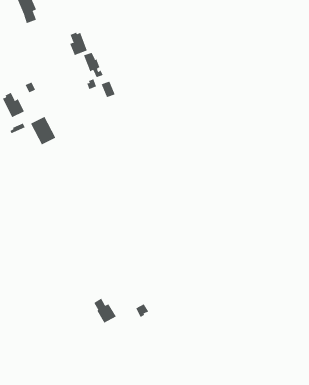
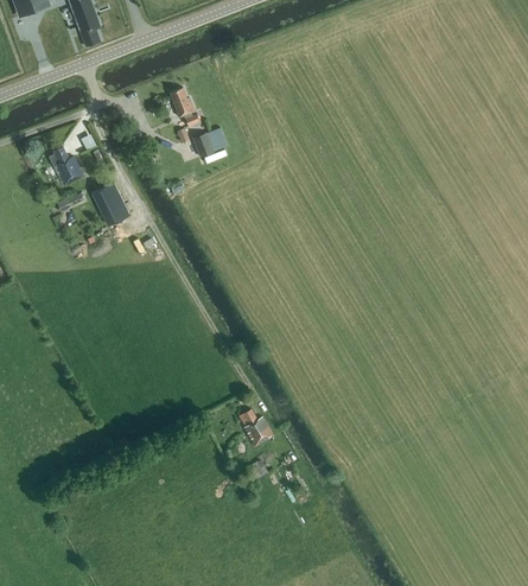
building: [70,32,88,56] -> none
building: [93,298,117,324] -> [241,408,275,446]

